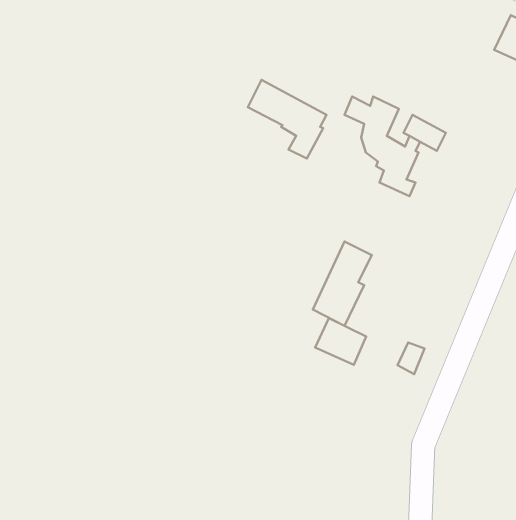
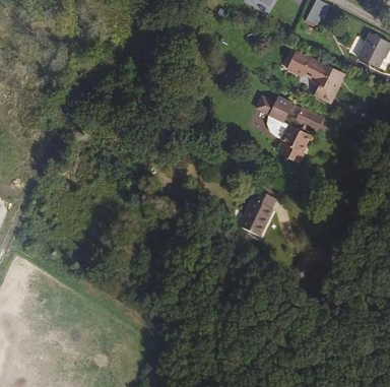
building: [248,80,326,158] -> [289,53,342,106]
building: [315,318,366,365] -> none

